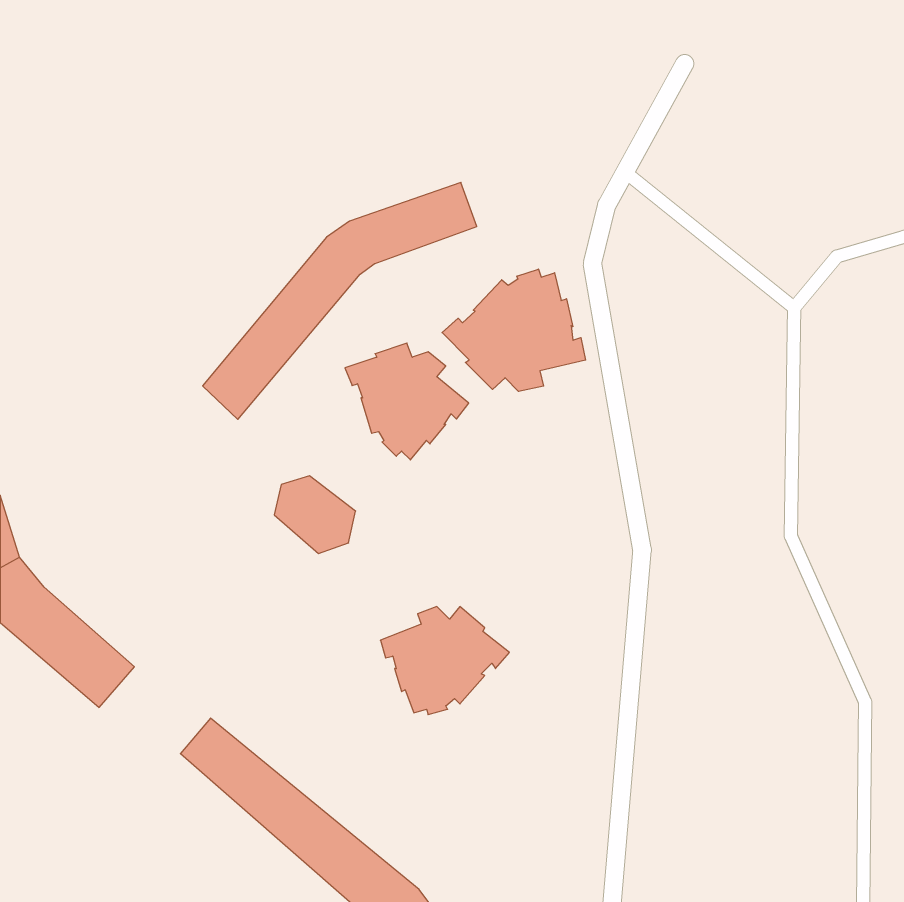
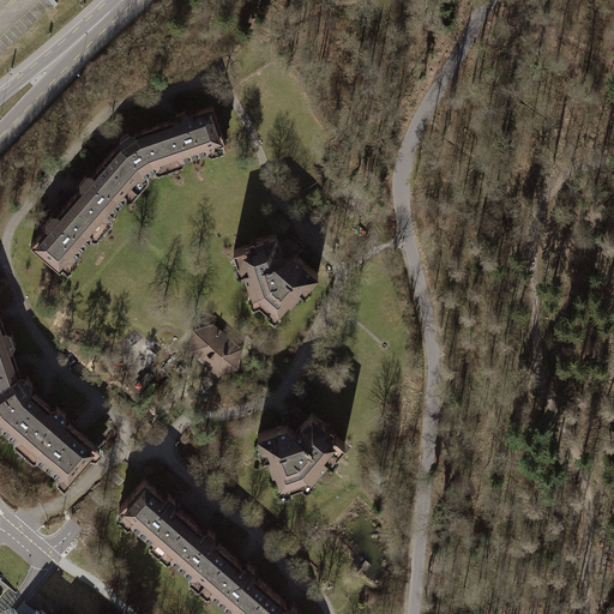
building: [203,182,477,419] -> [34,112,219,272]
building: [442,269,586,391] -> none

